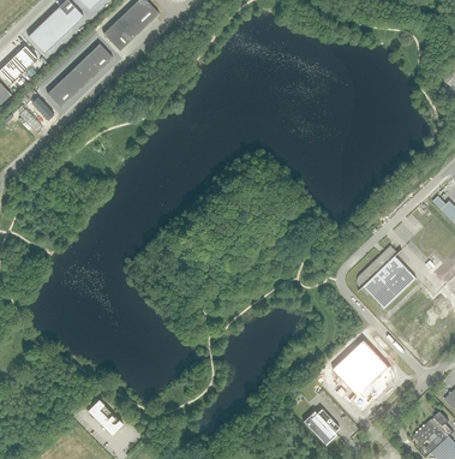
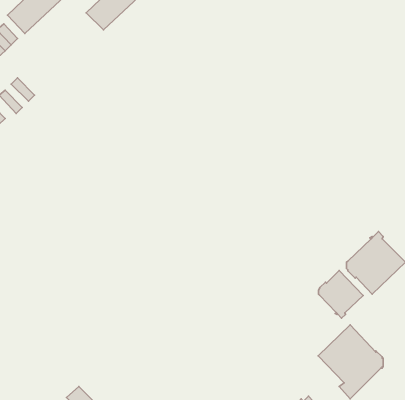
building: [47,43,113,107] -> none
building: none -> [318,270,363,318]

